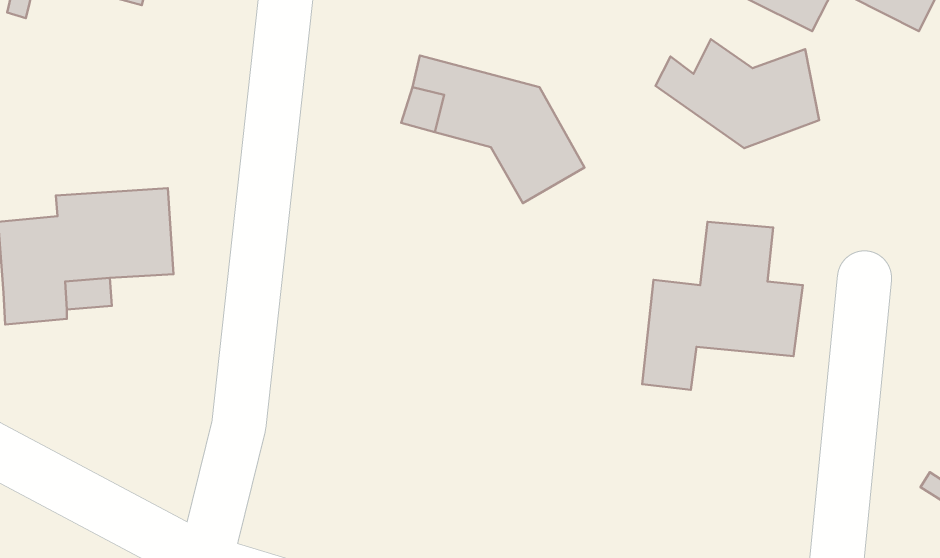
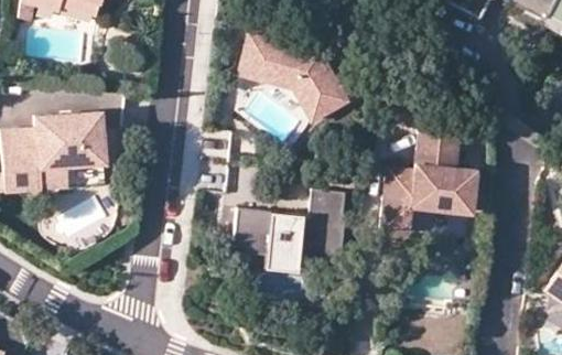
building: [656,39,819,148] -> none
building: none -> [235,192,348,275]

